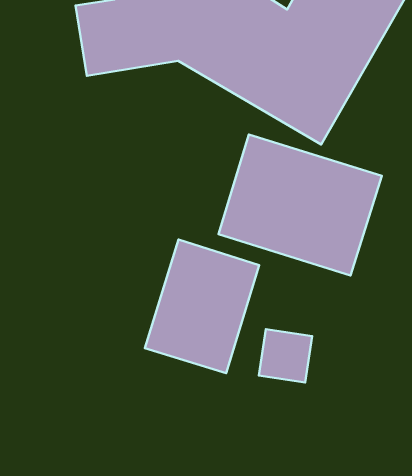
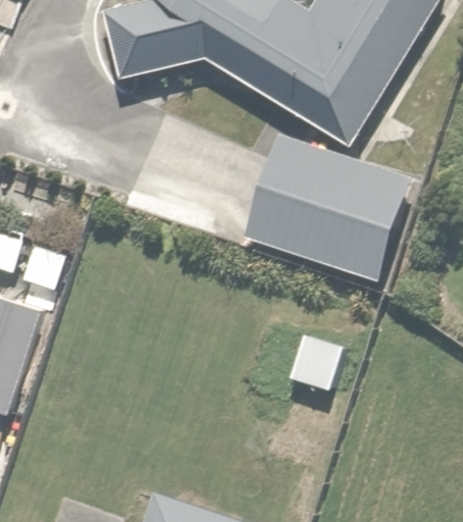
building: [145,239,259,373] -> none

